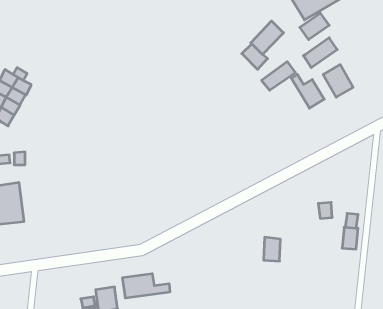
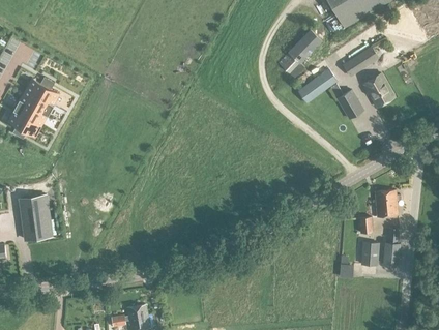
building: [300,13,329,40] -> none
building: none -> [376,189,399,216]
building: [264,237,280,261] -> [361,240,379,265]
building: [123,274,170,298] -> none

